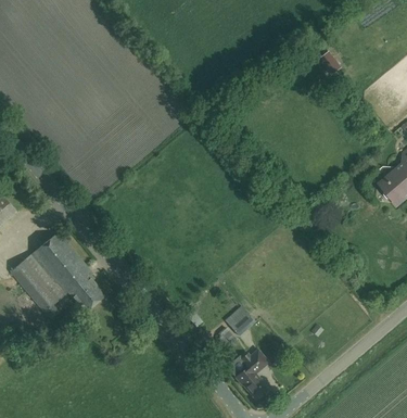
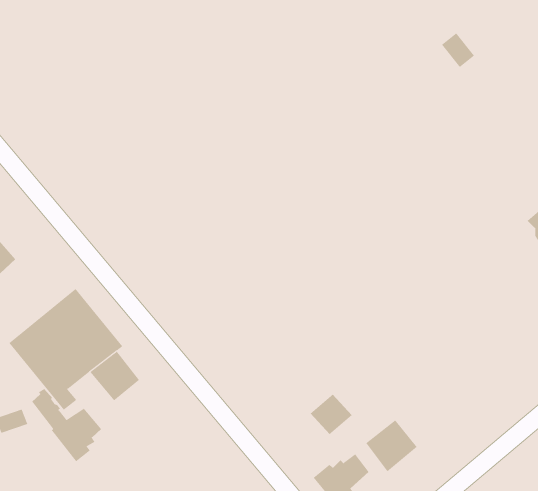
building: none -> [32,388,102,462]
building: none -> [365,420,418,472]

